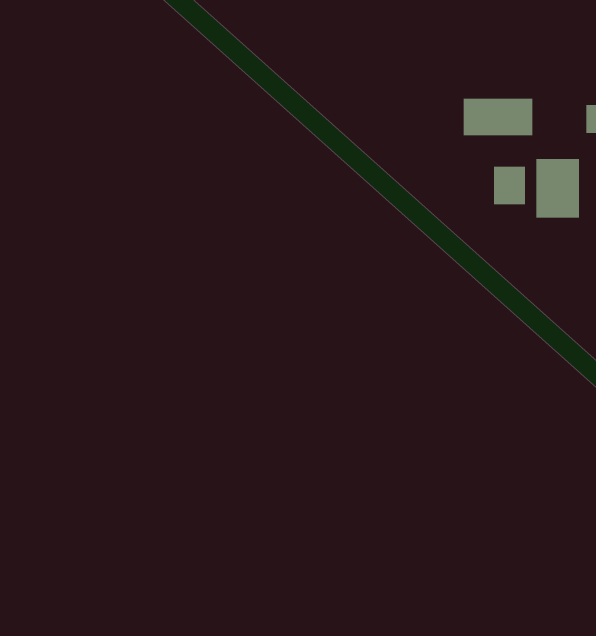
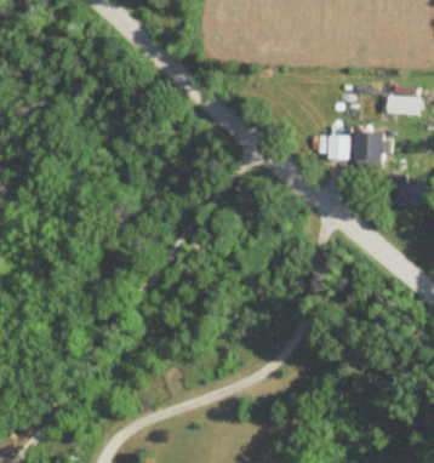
building: [463,98,533,136] -> none

